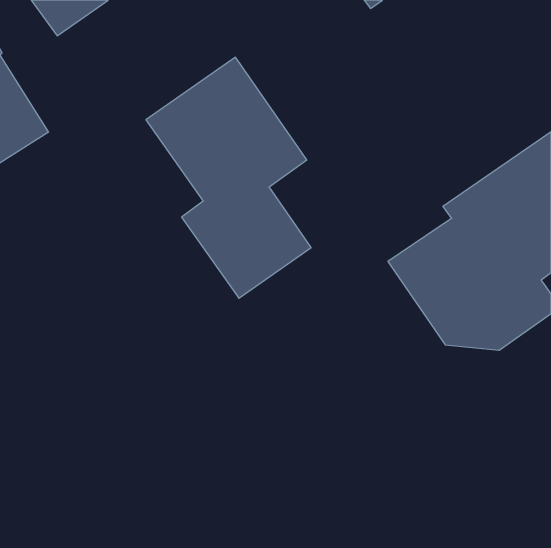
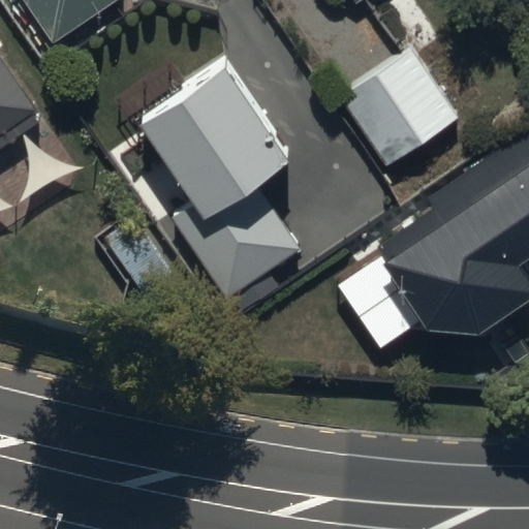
building: none -> [342,56,460,174]

